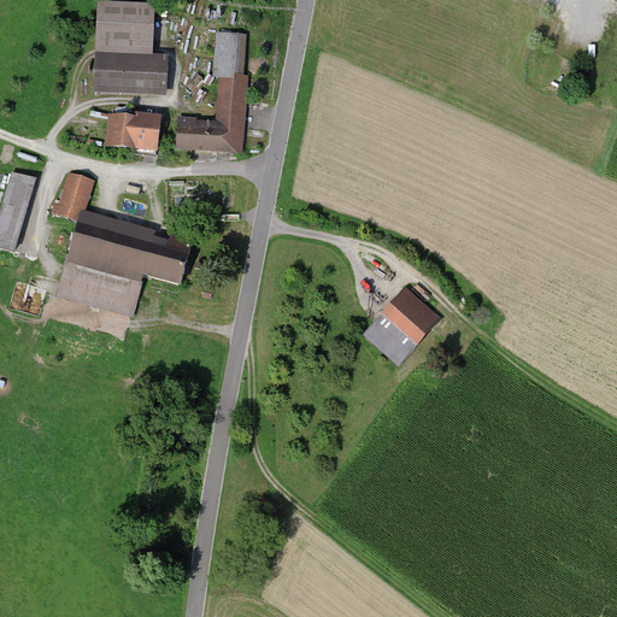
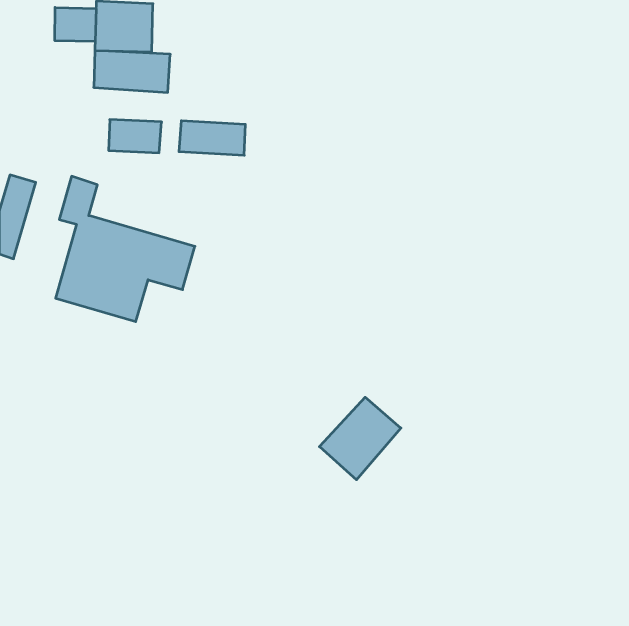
building: none -> [55,7,96,42]
building: [211,30,248,121] -> none
building: [363,287,442,368] -> [319,397,401,480]

